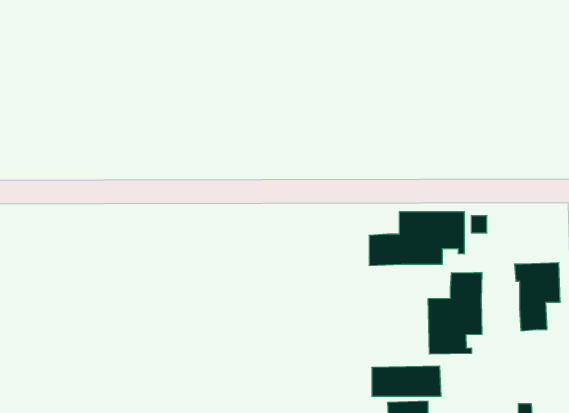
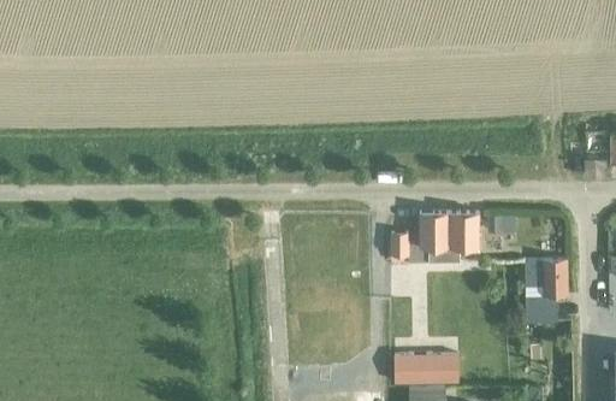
building: [428,272,482,354] -> none

